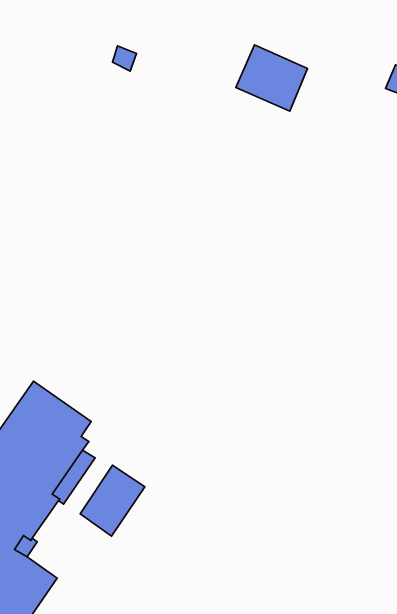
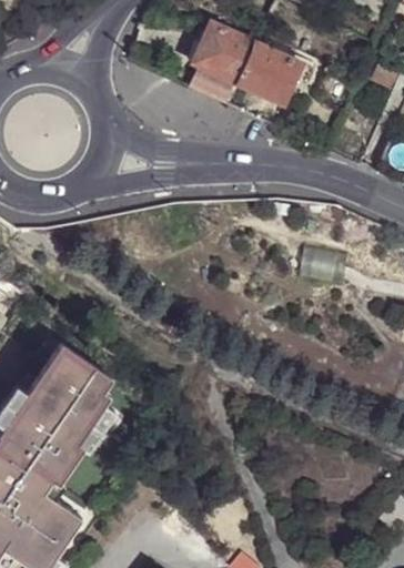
building: none -> [189,24,254,104]
building: [80,465,145,536] -> none

